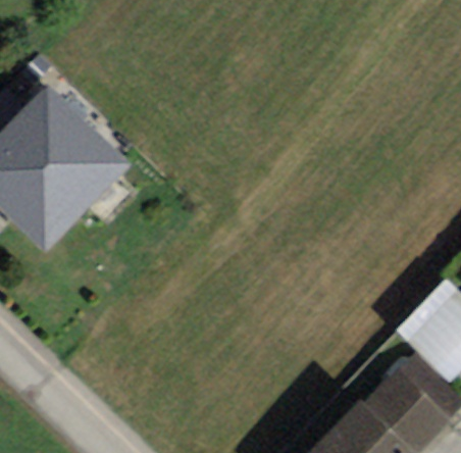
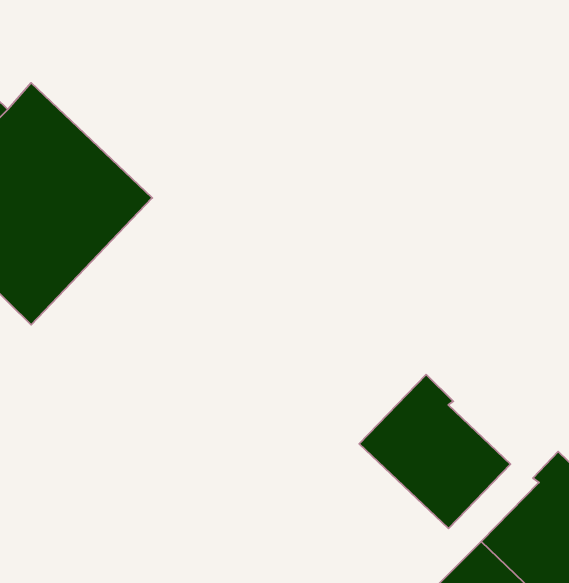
building: none -> [359,375,510,528]

